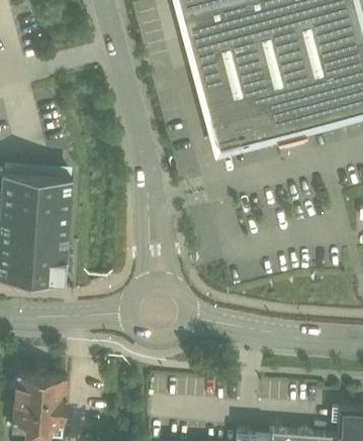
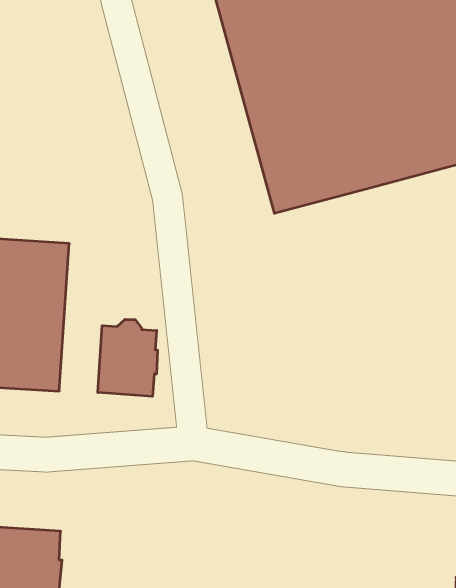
building: none -> [98,319,157,396]

